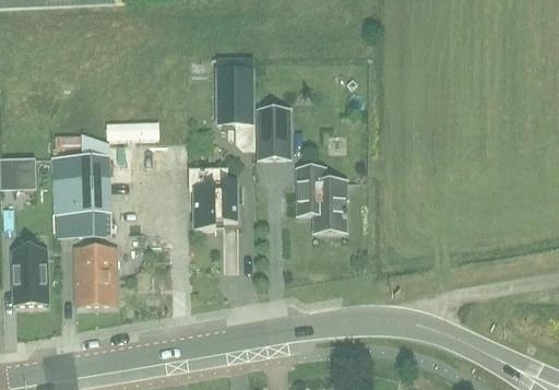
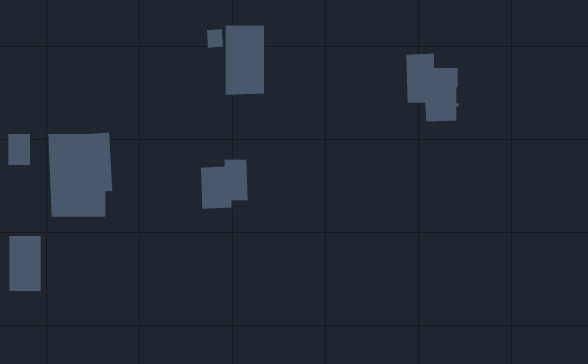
building: [258,107,289,156] -> none
building: [297,166,347,231] -> [406,53,460,122]
building: [76,246,117,305] -> none

